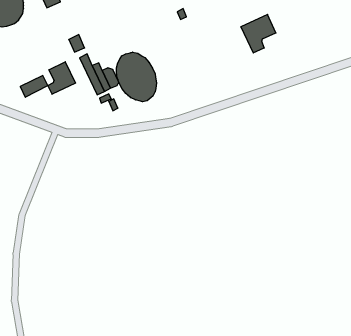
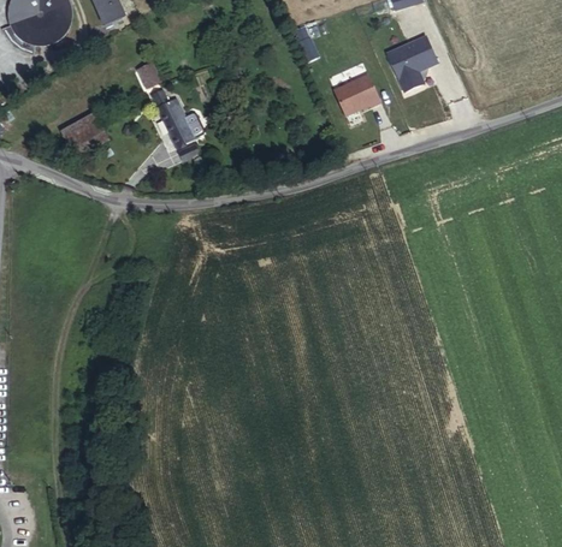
building: none -> [333,71,378,111]
building: [116,52,157,102] -> none
building: [48,62,76,94] -> none

